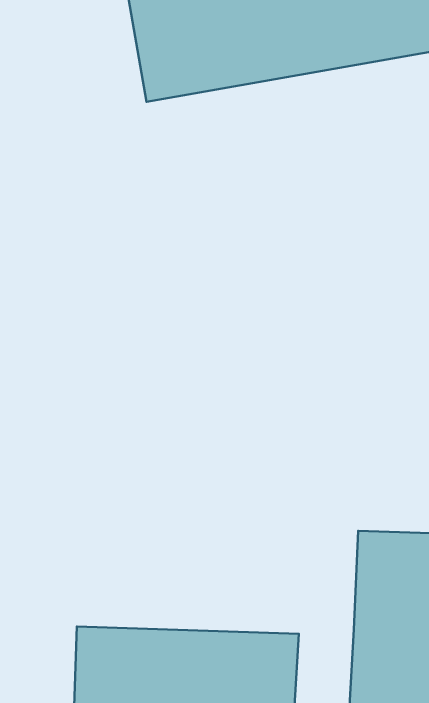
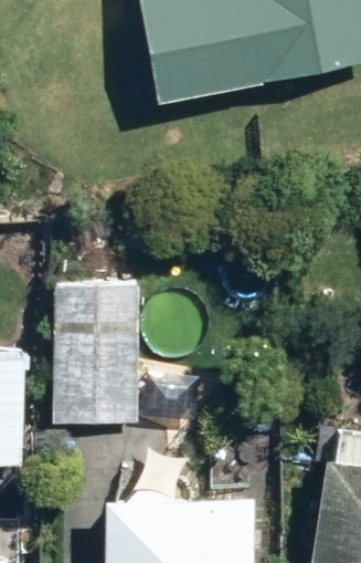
building: none -> [50,282,148,430]

